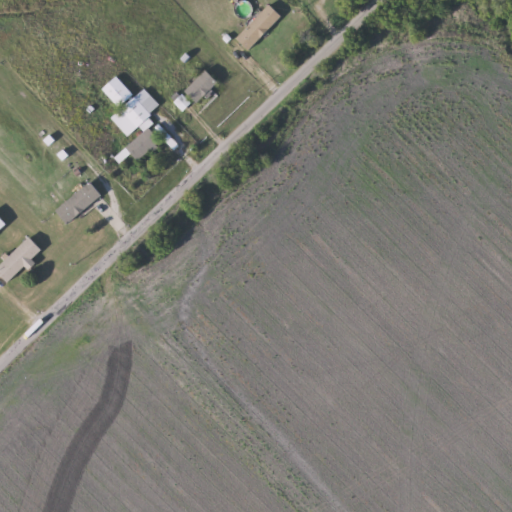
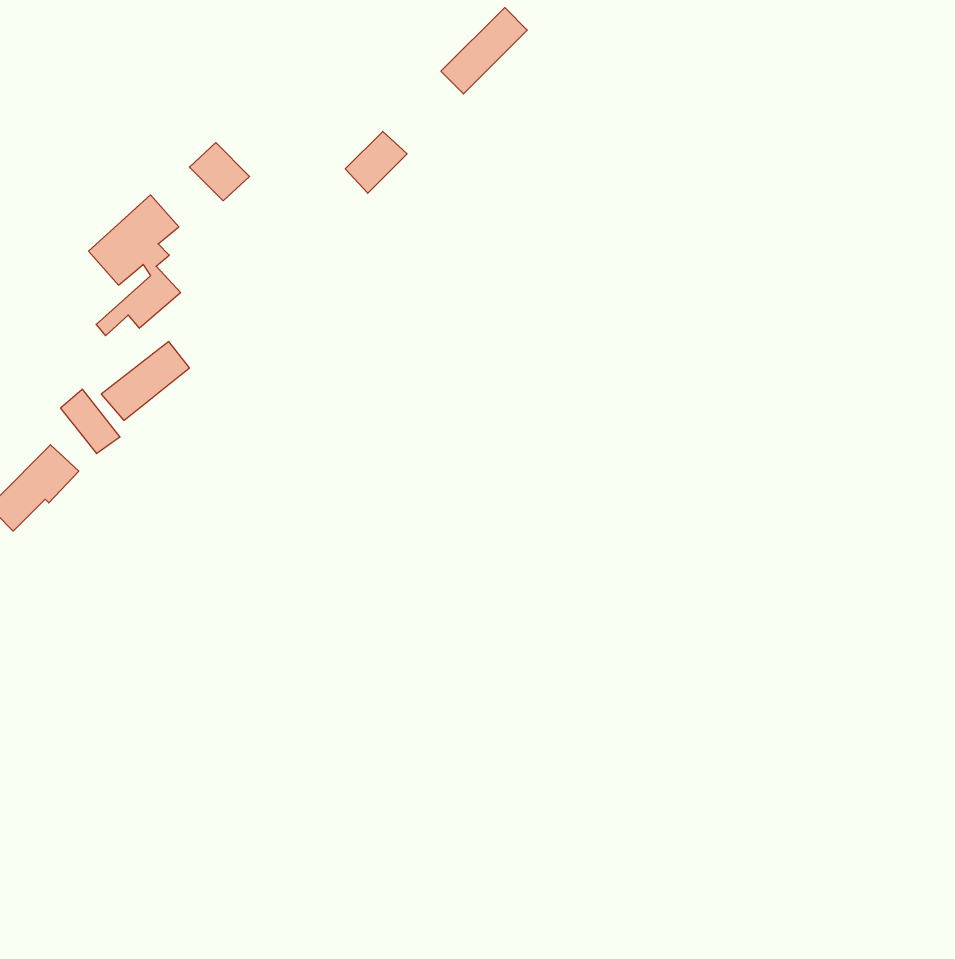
building: [110,88,159,163] -> [89,195,181,336]
building: none -> [61,389,120,454]

